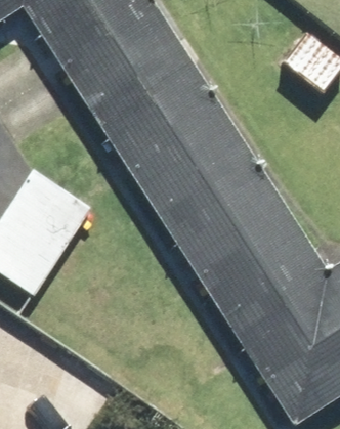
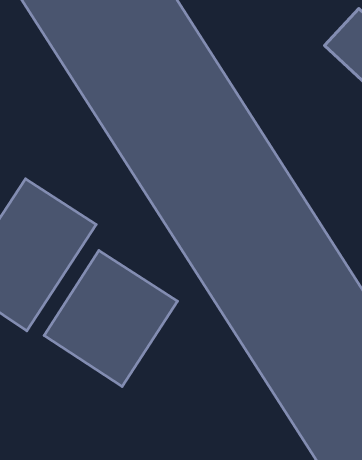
building: none -> [44,251,178,386]

